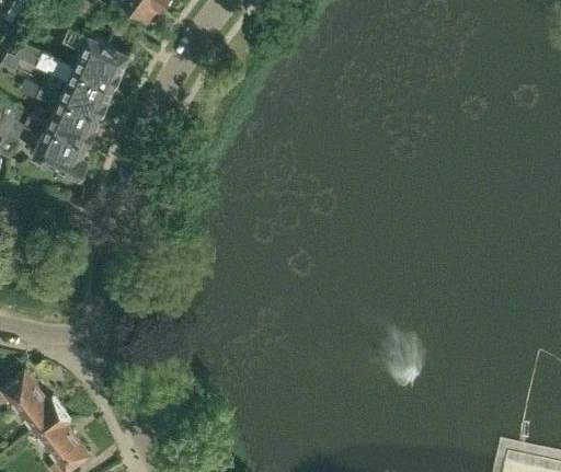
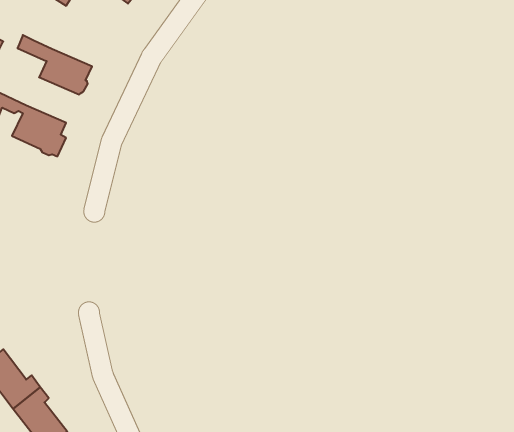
building: [62,25,128,85] -> none
building: [35,88,100,142] -> none

